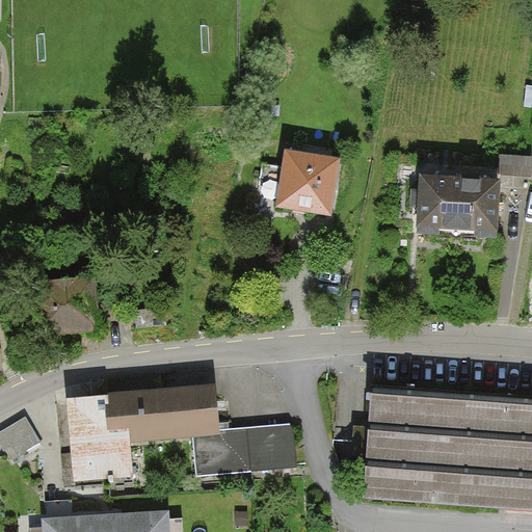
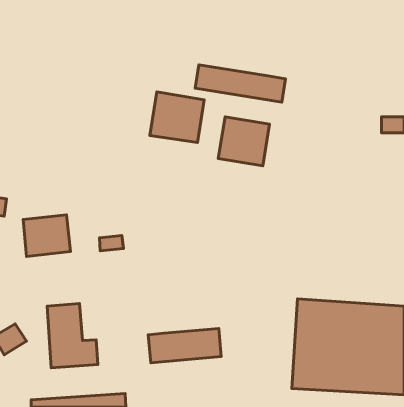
building: none -> [195,65,286,102]
building: none -> [150,92,204,143]
building: [421,177,514,236] -> none
building: [103,384,213,442] -> none

